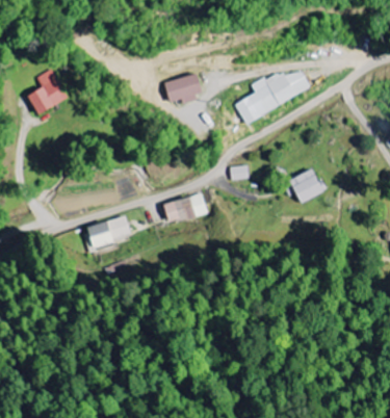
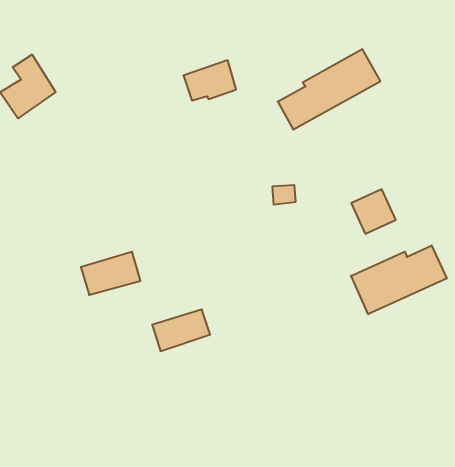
building: [163,193,207,225] -> [152,309,210,351]
building: none -> [351,245,447,314]

